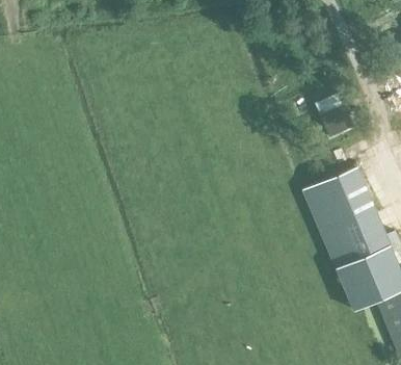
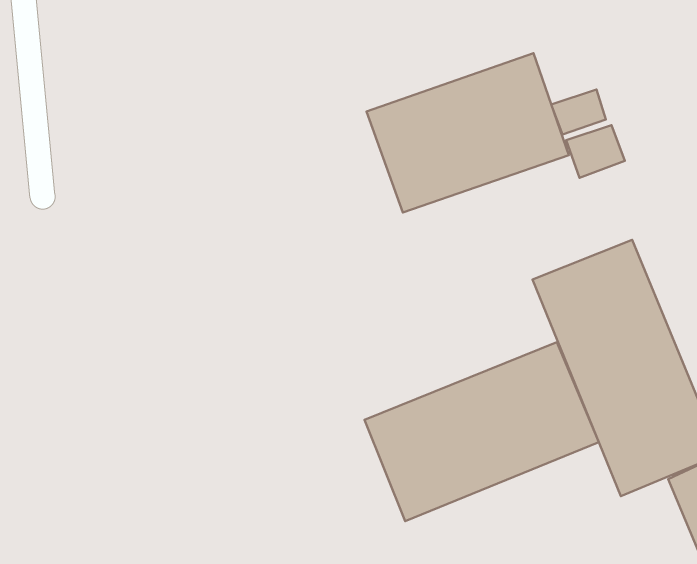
building: none -> [366,53,569,213]
building: none -> [364,342,599,521]

